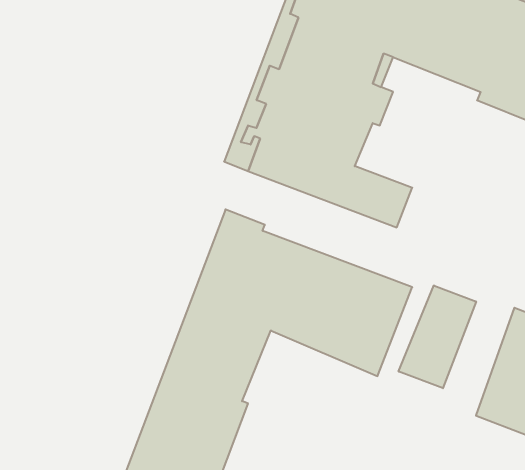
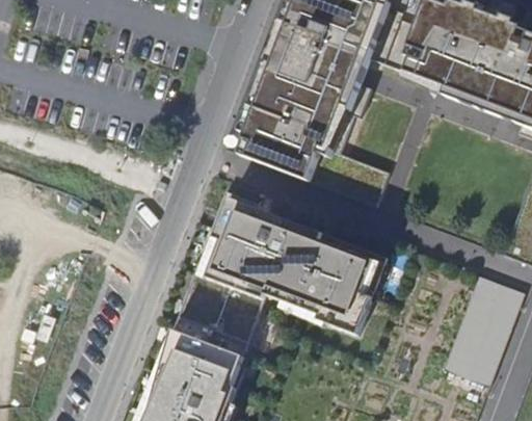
building: [399,285,476,388] -> none

